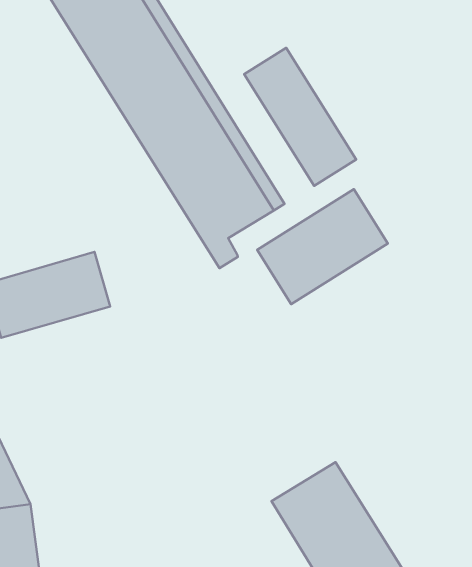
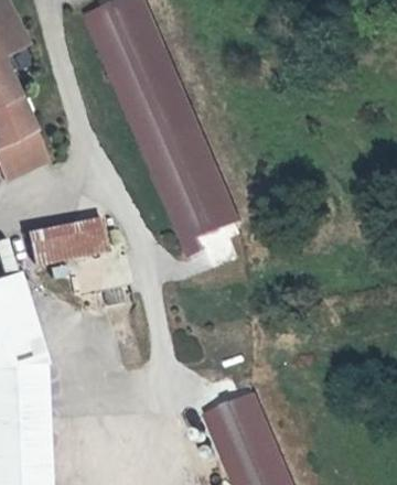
building: [244,48,356,186] -> none
building: [257,189,388,304] -> none

